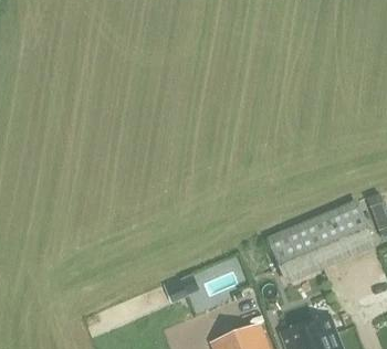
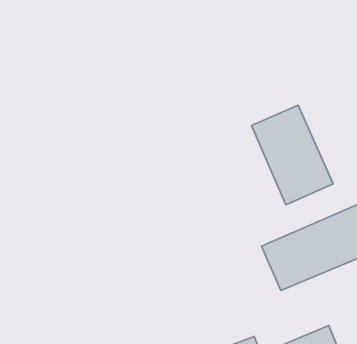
building: none -> [252,105,333,205]

